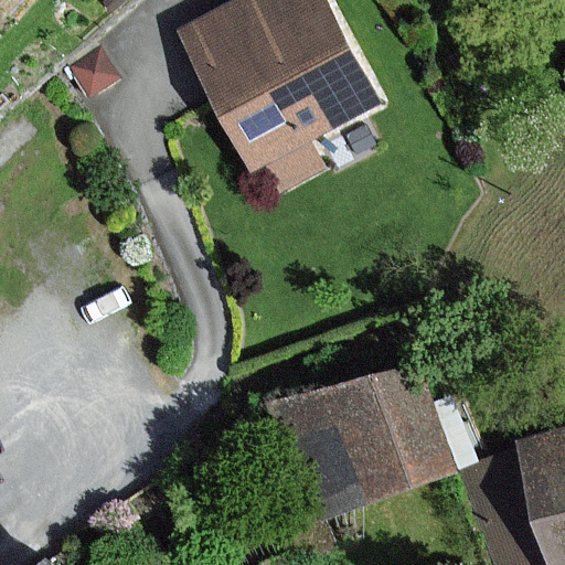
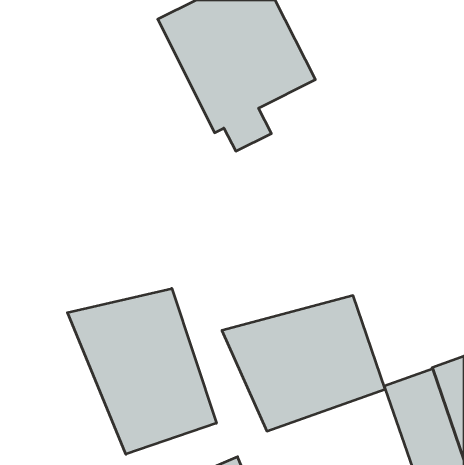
building: none -> [67,288,216,454]

